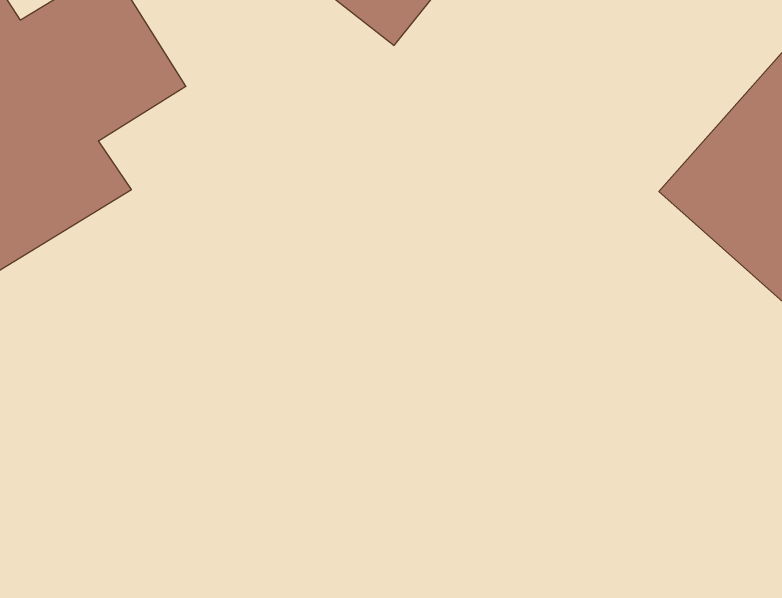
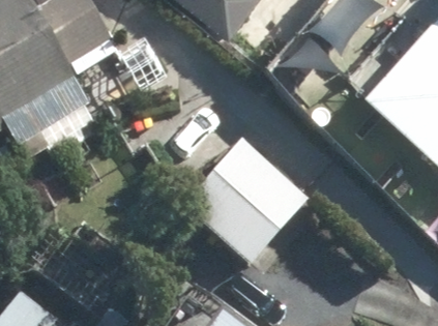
building: none -> [179,137,309,266]

